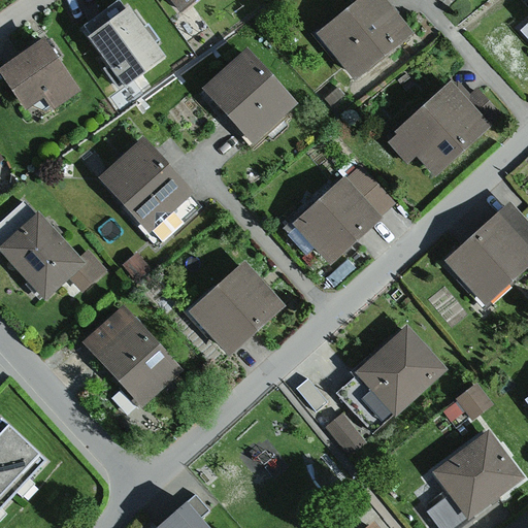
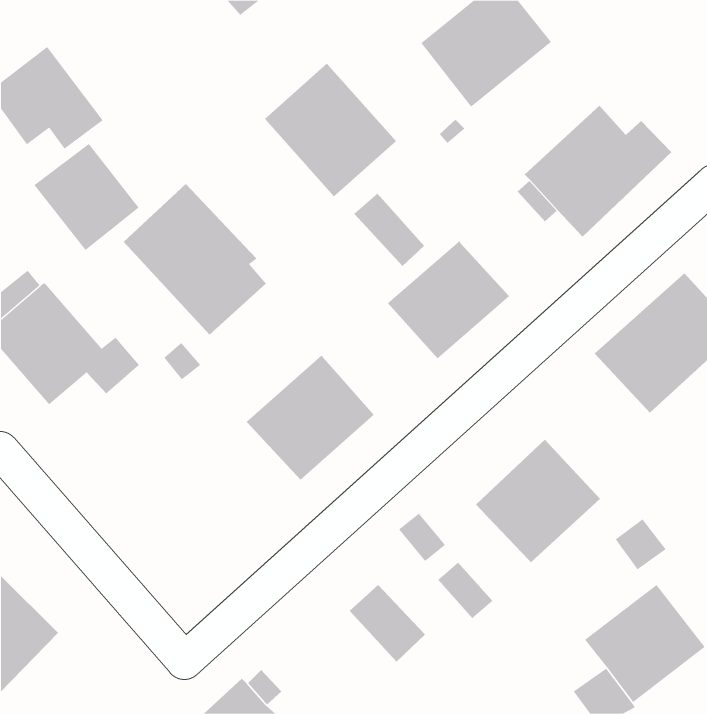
building: [84,4,162,84] -> [33,143,140,251]
building: [345,164,398,219] -> [354,193,425,267]
building: [84,306,182,406] -> none
building: [338,376,395,434] -> [349,584,426,662]

